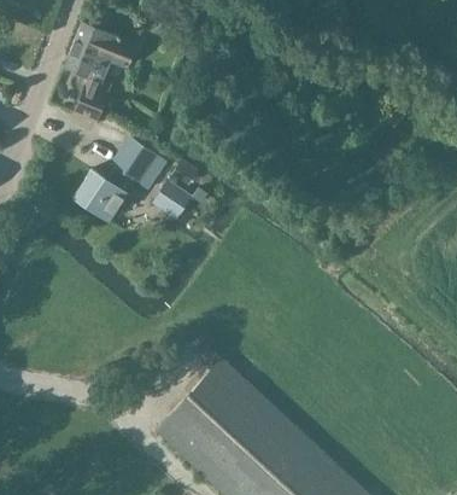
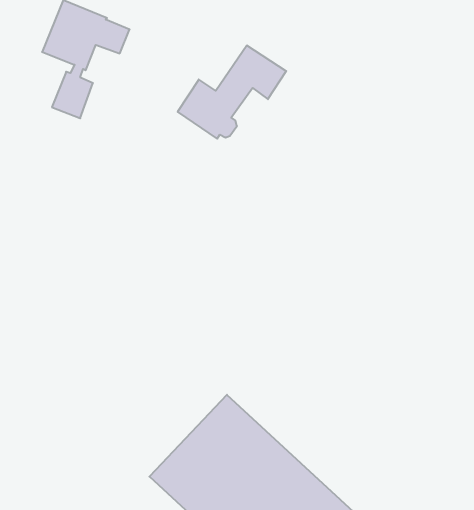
building: [75,140,168,220] -> [178,46,286,139]
building: [153,179,194,220] -> none

